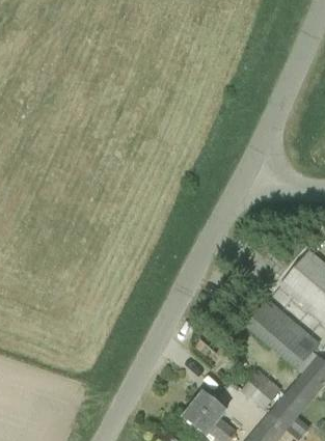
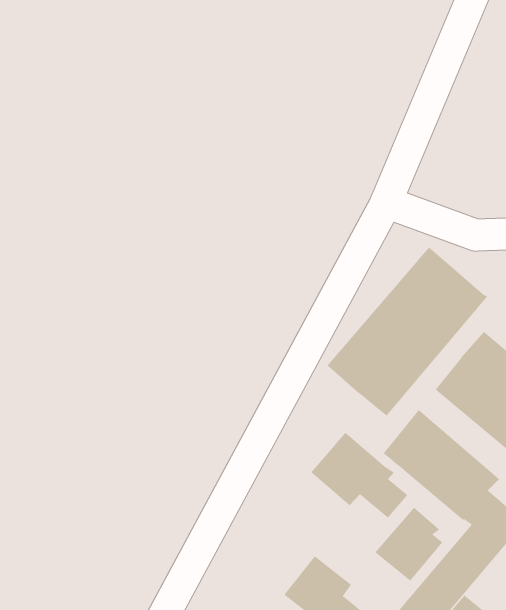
building: none -> [327,247,488,416]
building: none -> [311,432,408,519]

